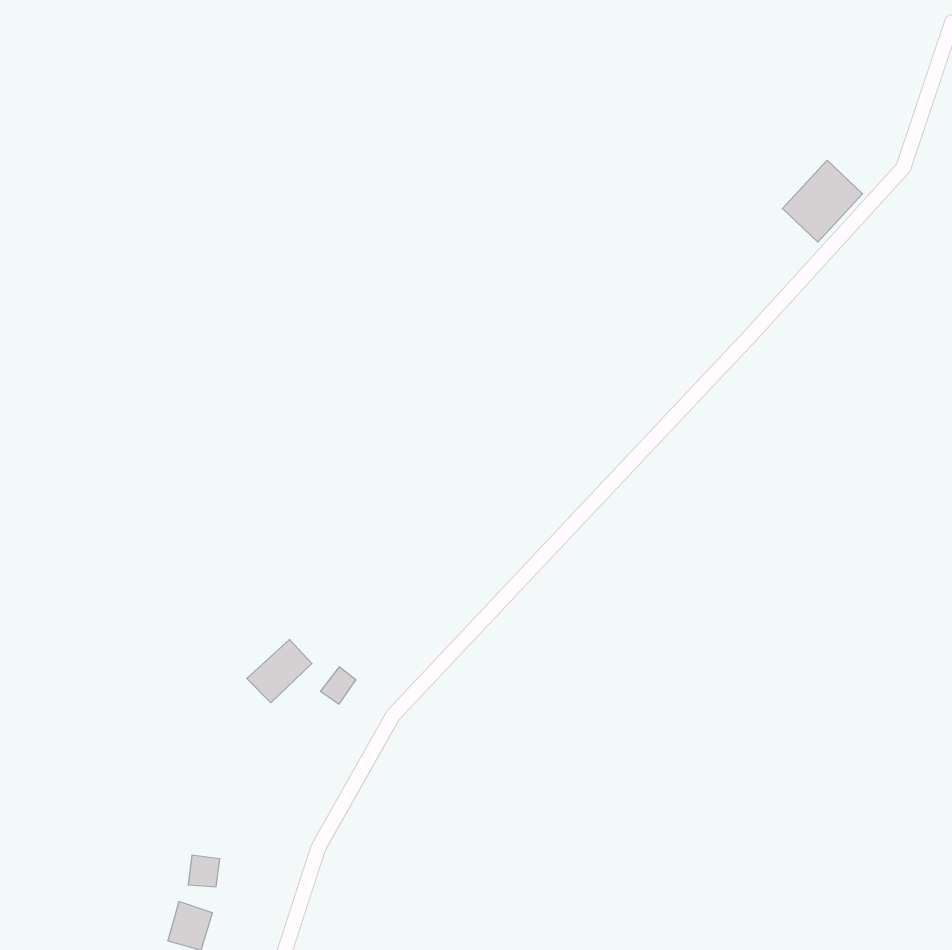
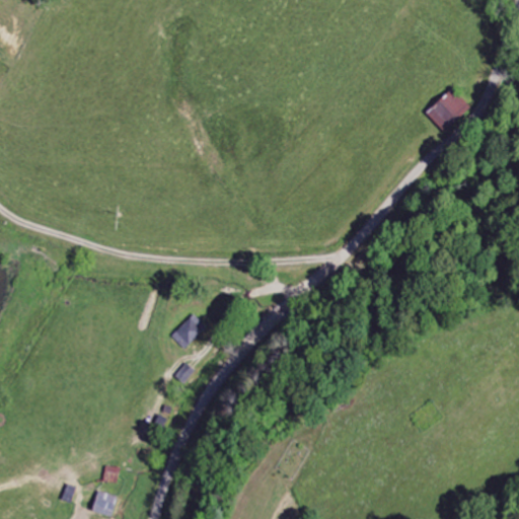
building: [247,639,312,703] -> [170,314,206,349]

